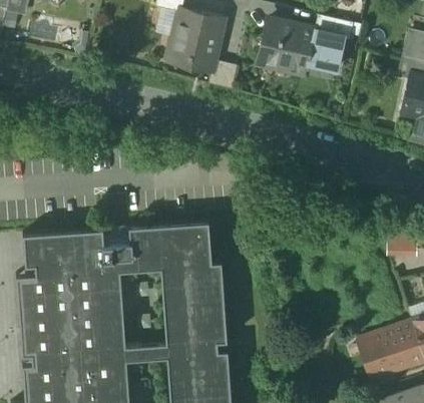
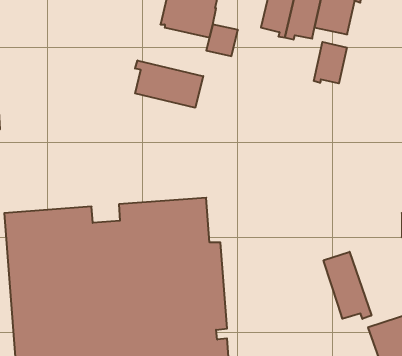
building: none -> [314,42,347,83]
building: none -> [135,60,203,108]
building: none -> [324,252,371,319]

